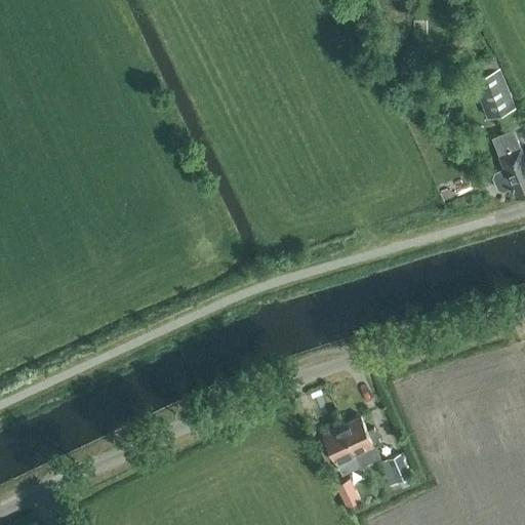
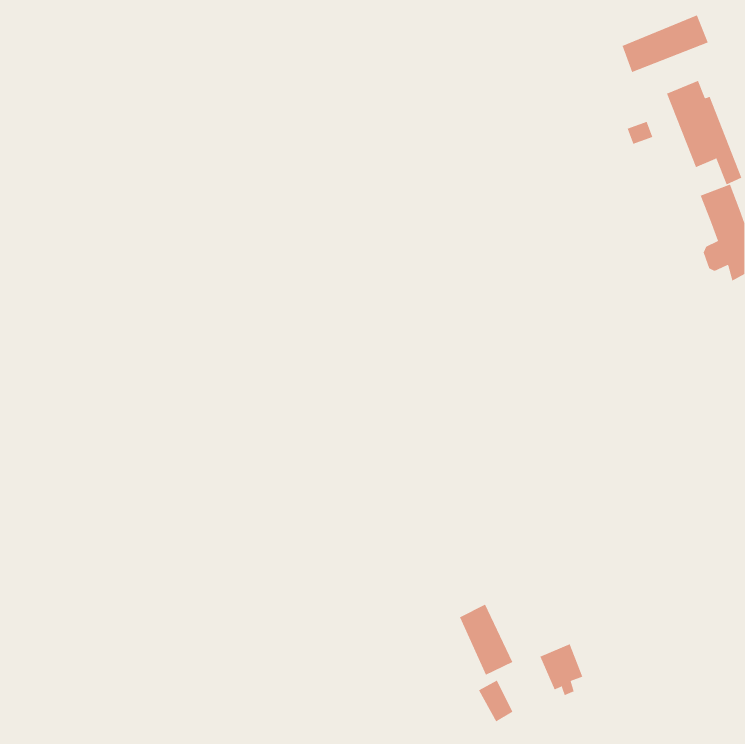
building: none -> [622,14,708,73]
building: [341,417,380,467] -> none

